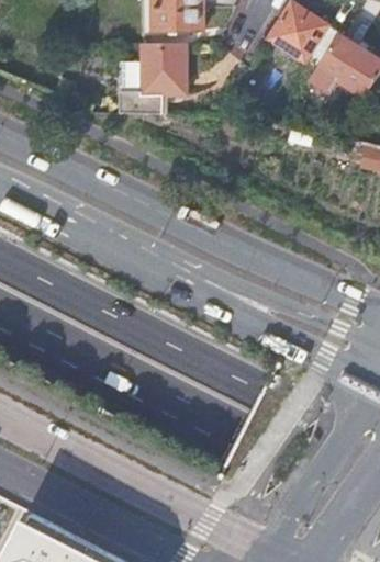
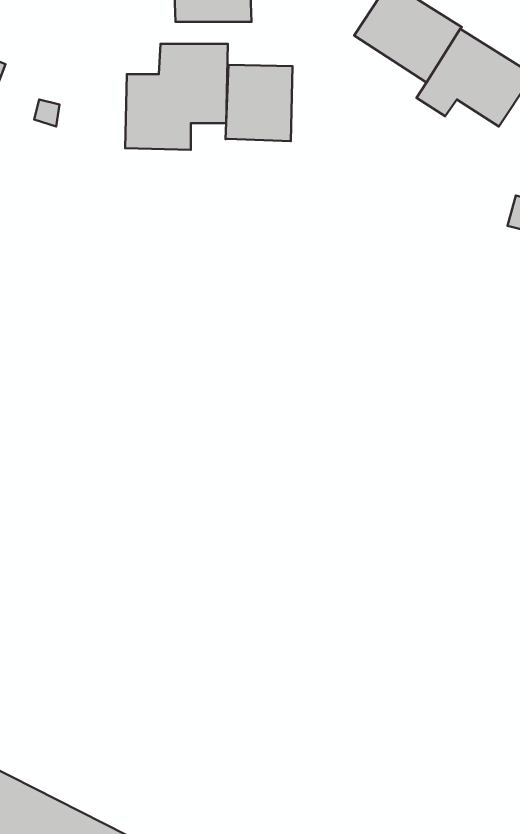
building: none -> [225,65,293,141]

